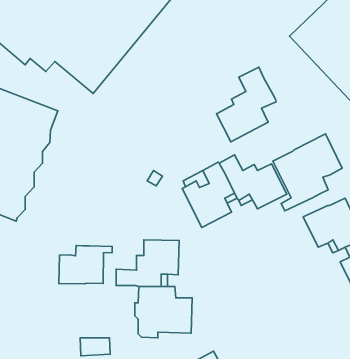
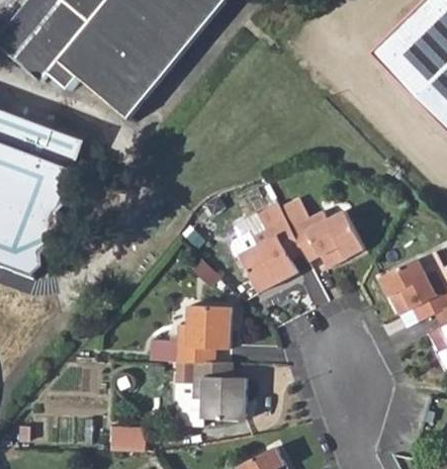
building: [217,67,276,142] -> none
building: [273,134,342,211] -> none
building: [59,246,112,284] -> none

